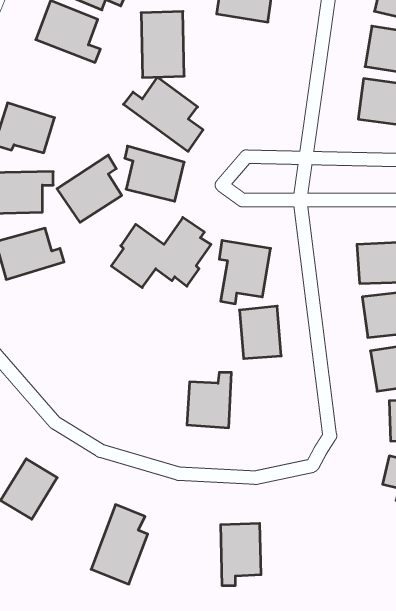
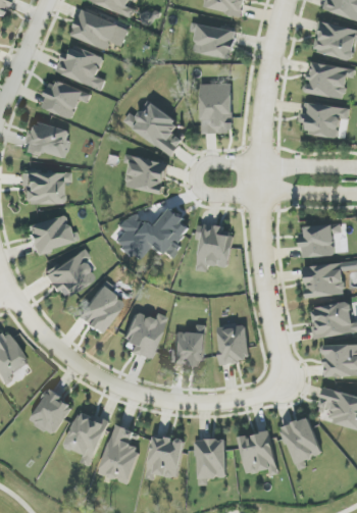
building: [141,11,184,77] -> [200,83,233,133]
building: none -> [41,78,91,118]
building: [57,155,122,222] -> [44,247,93,298]
building: [239,306,281,359] -> [217,322,249,362]
building: none -> [75,285,122,334]
building: none -> [119,311,165,358]
building: none -> [64,409,108,465]
building: none -> [280,416,321,470]
building: none -> [240,430,276,474]
building: none -> [145,434,184,479]

